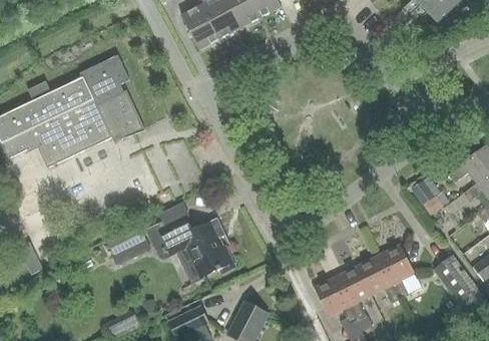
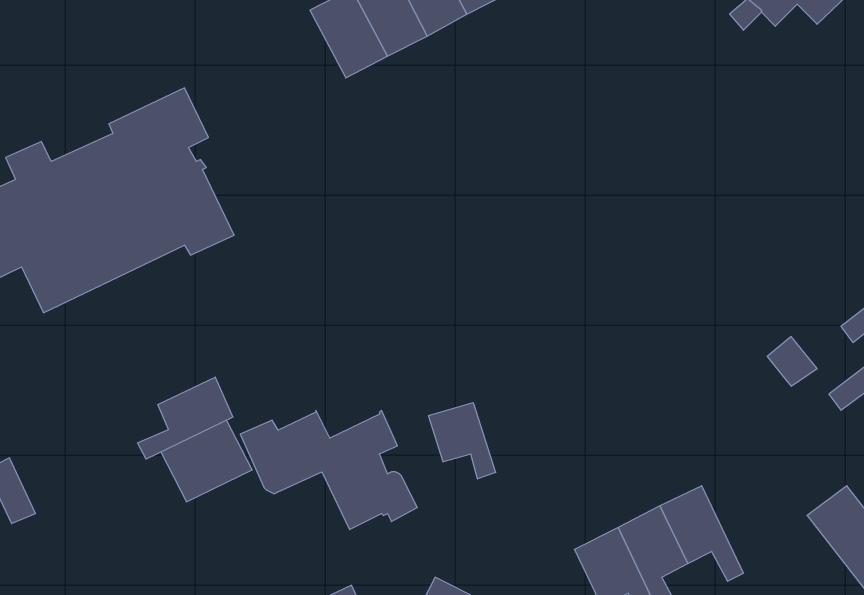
building: none -> [138,377,233,459]
building: none -> [428,403,496,479]
building: [379,243,415,298] -> none

